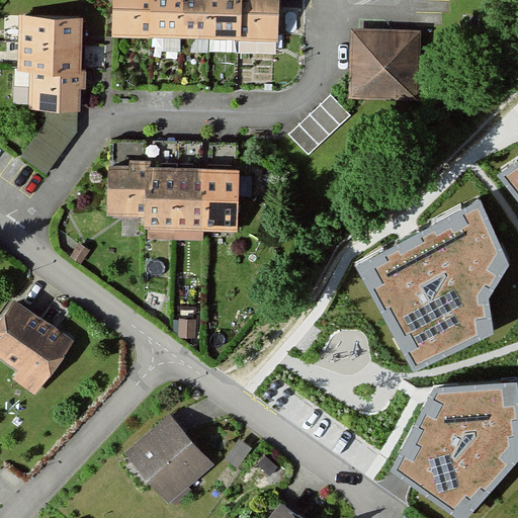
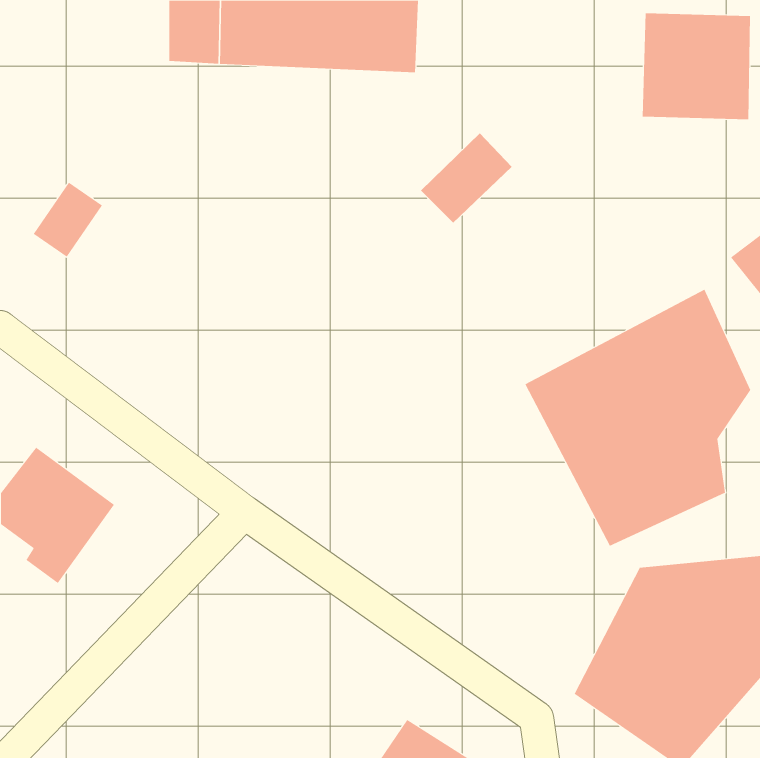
building: [17,21,85,115] -> none
building: [345,24,419,97] -> [642,13,751,120]
building: [101,148,238,236] -> none
building: [123,409,212,498] -> none

